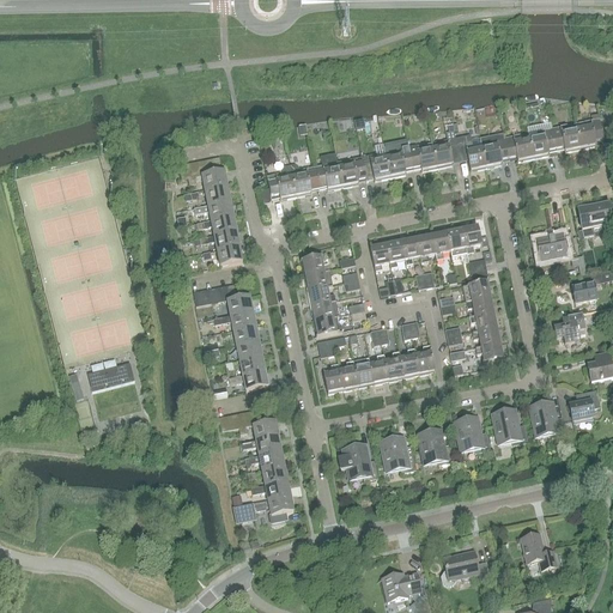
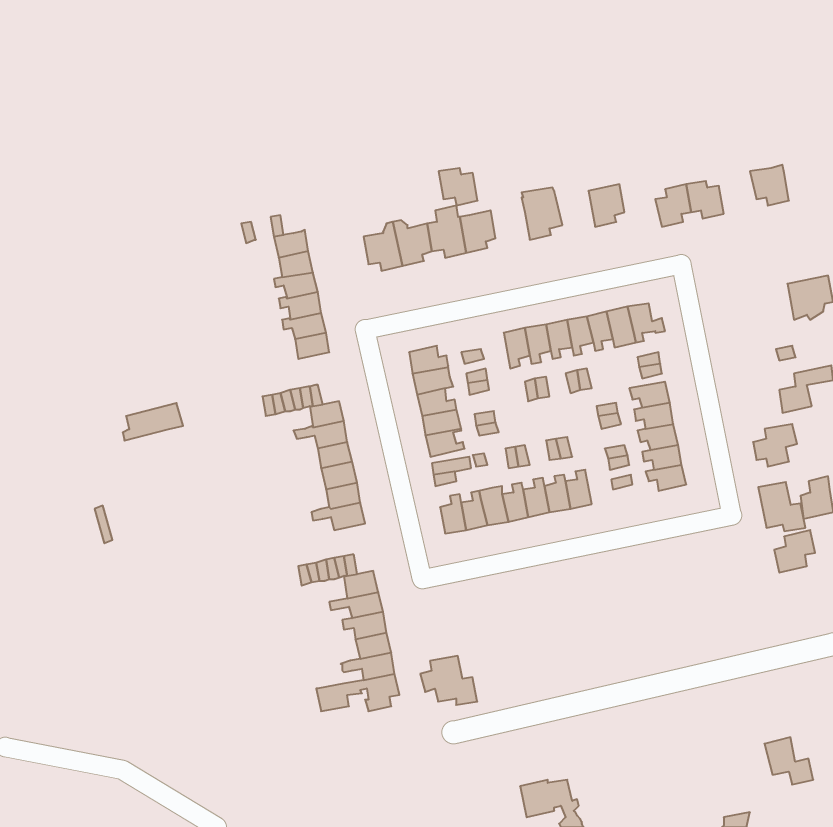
building: [575,116,602,147] -> none
building: [528,126,556,157] -> none
building: [455,133,486,169] -> none
building: [408,140,437,170] -> none
building: [360,152,389,180] -> [439,168,478,206]
building: [535,230,576,259] -> none
building: [90,362,134,389] -> [123,403,183,441]
building: [530,400,565,436] -> [758,482,805,531]
building: [493,407,528,444] -> none
building: [455,415,490,451] -> none
building: [418,427,454,463] -> none
building: [381,435,415,472] -> none
building: [336,443,378,479] -> [420,656,477,705]
building: [521,534,557,569] -> [764,737,813,785]
building: [441,551,490,584] -> none

